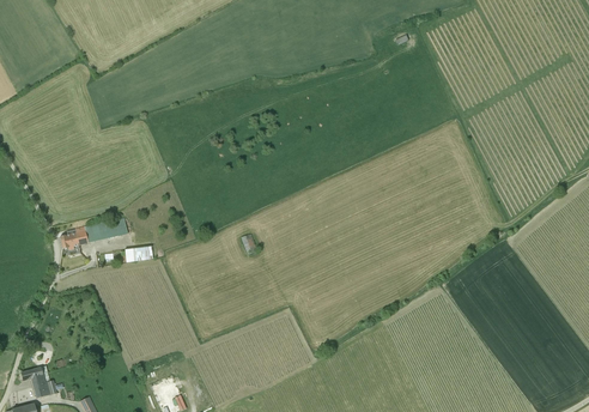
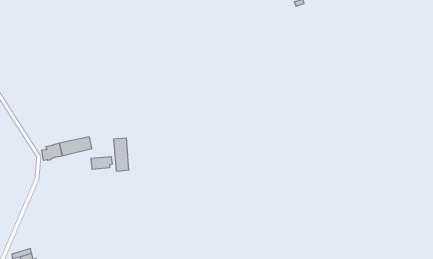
building: none -> [114,138,128,171]

